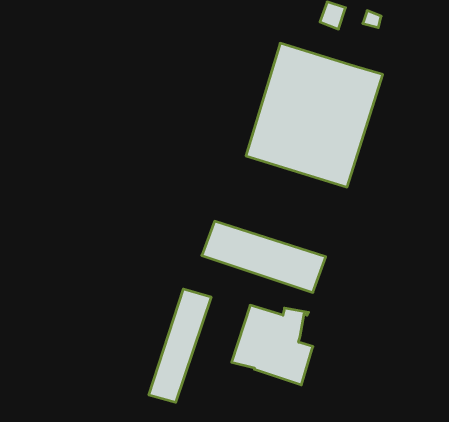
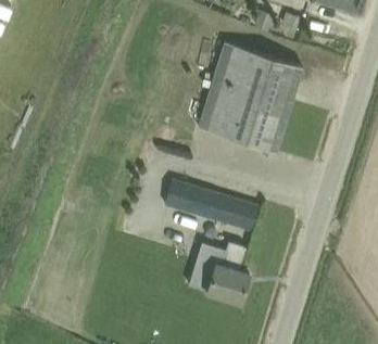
building: [149,289,211,402] -> none

